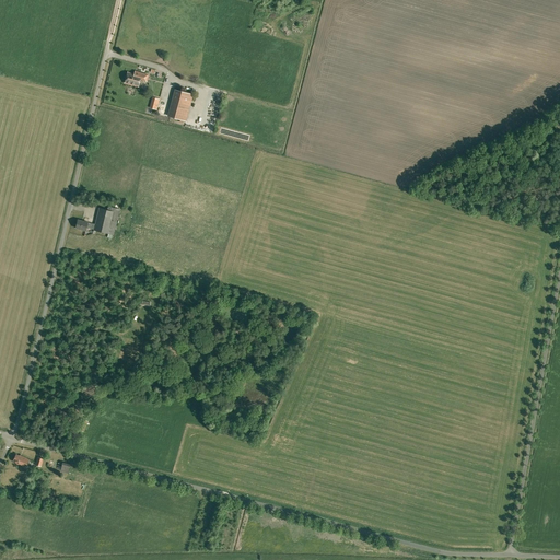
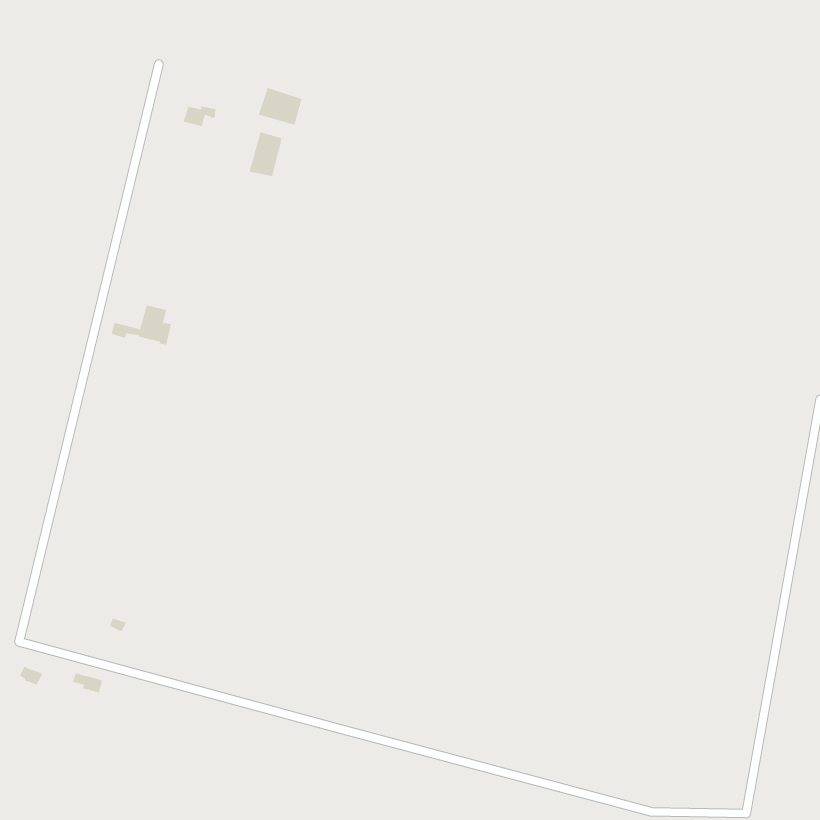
building: none -> [258,87,302,125]

